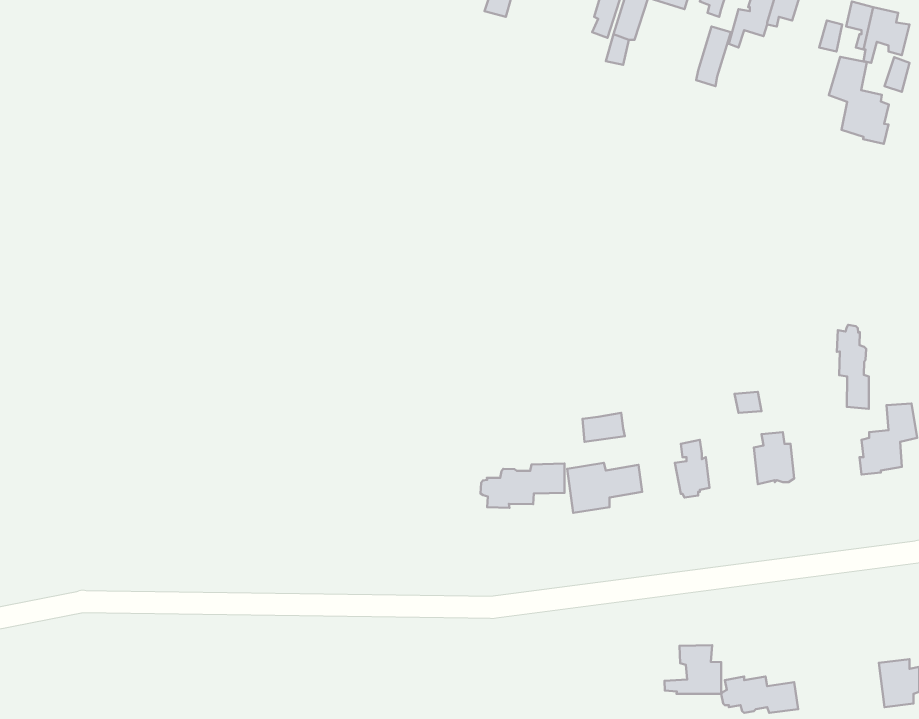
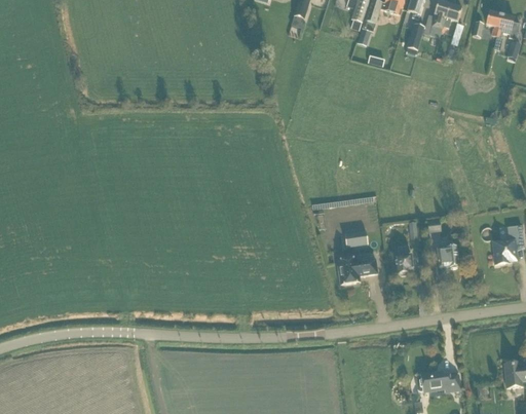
building: [829,57,889,144] -> none
building: [837,325,869,409] -> none
building: [481,463,565,508] -> none
building: [665,645,721,694] -> none

